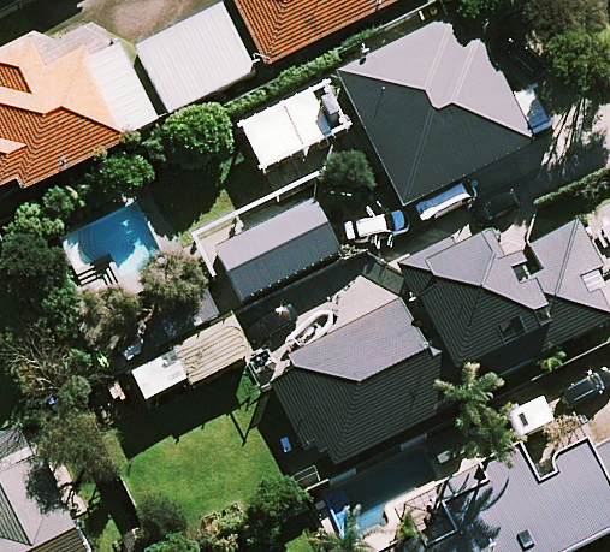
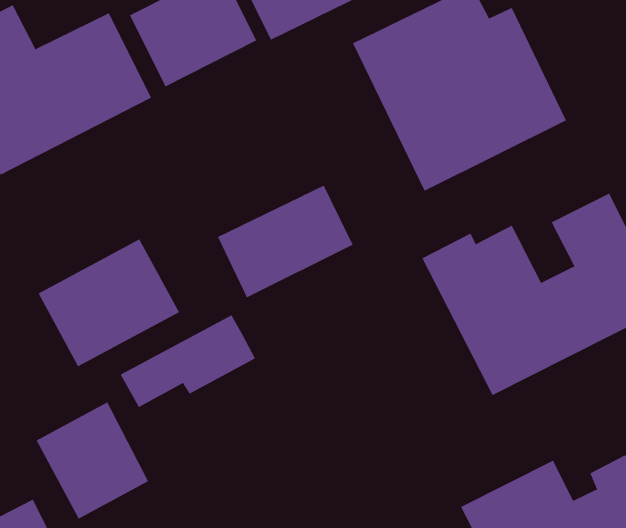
building: none -> [38,238,180,367]
building: [268,298,451,457] -> none
building: none -> [36,401,149,519]

